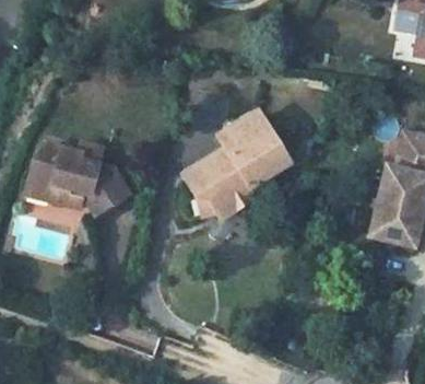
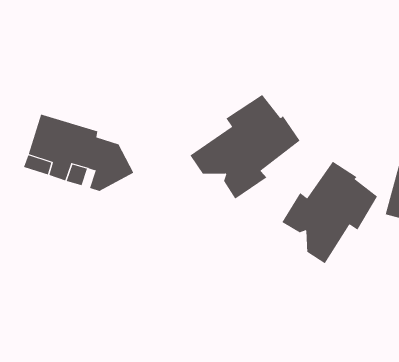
building: none -> [282,161,378,264]

